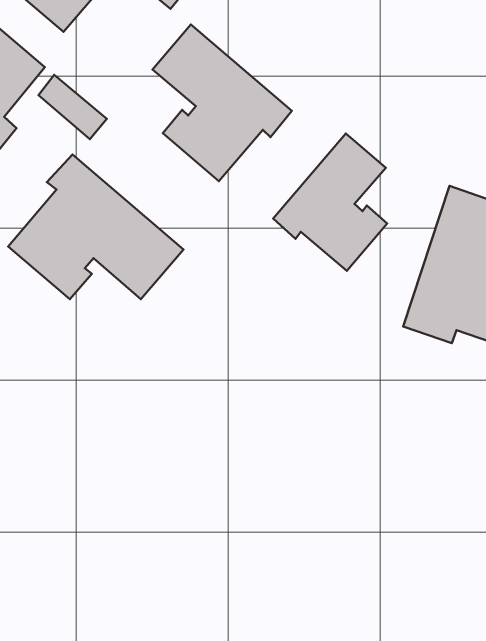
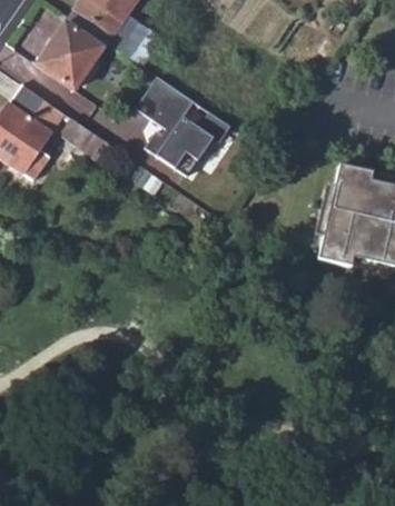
building: [273,133,387,271] -> none
building: [8,154,183,299] -> none

